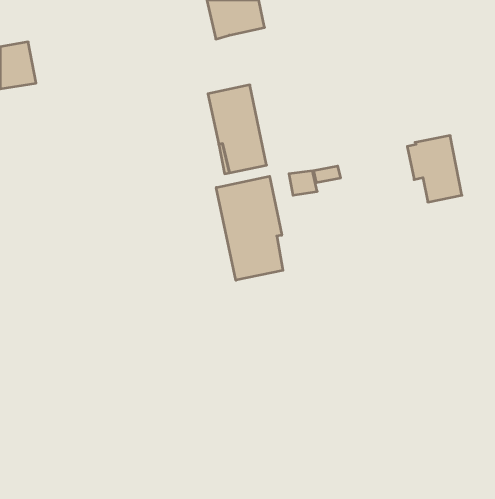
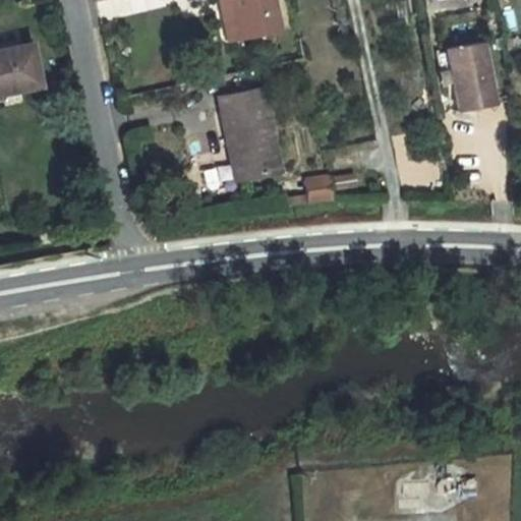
building: [407,136,462,202] -> [439,42,496,111]
building: [216,176,283,280] -> none

